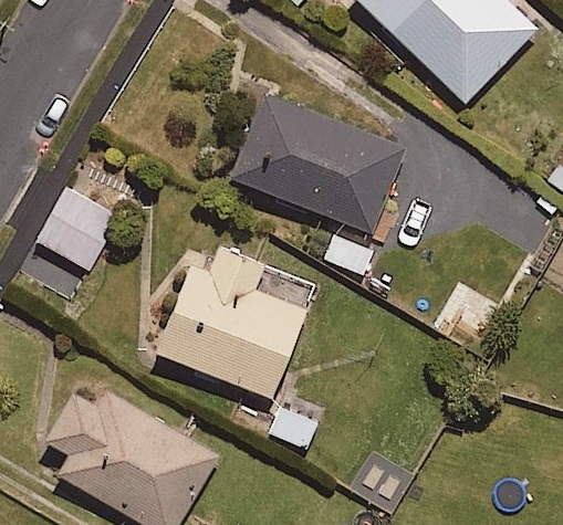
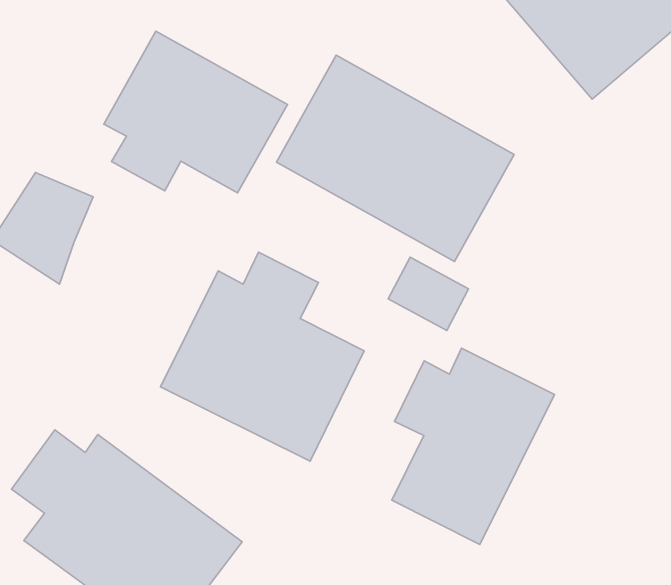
building: none -> [104,31,287,193]
building: none -> [392,348,554,545]

